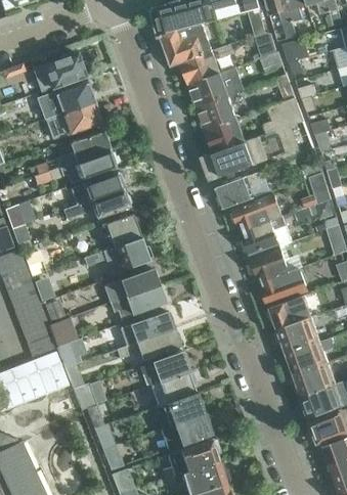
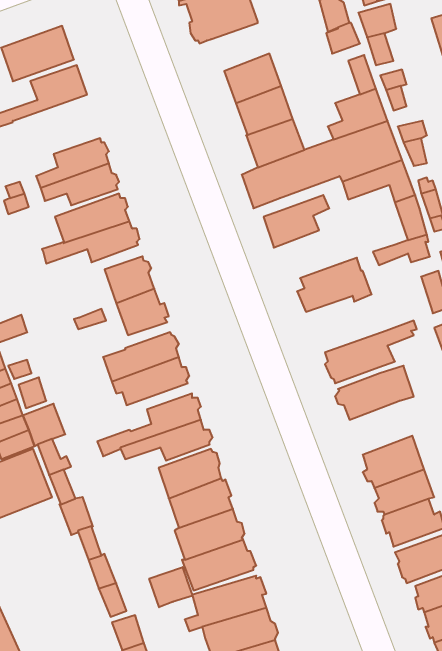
building: [180,44,234,85] -> none
building: [41,101,101,135] -> none
building: [231,199,271,230] -> none
building: [251,244,303,282] -> none
building: [275,316,319,350] -> none
building: none -> [149,567,192,607]

